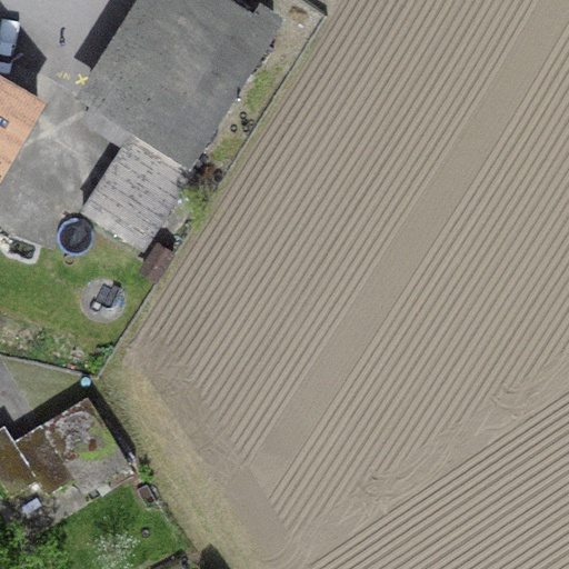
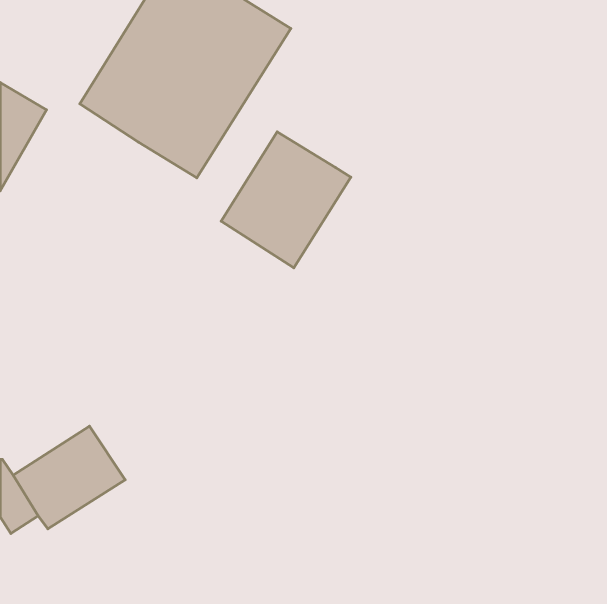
building: [79,132,200,259] -> [221,132,351,268]

